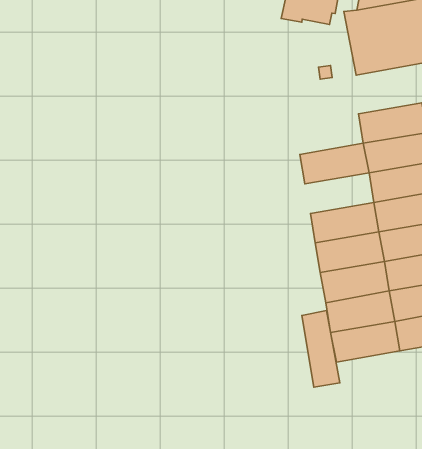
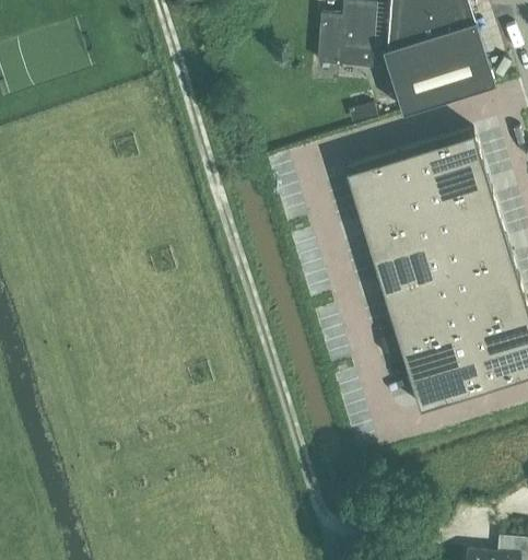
building: none -> [345,152,419,201]
building: none -> [364,211,437,260]
building: [302,311,340,387] -> none

